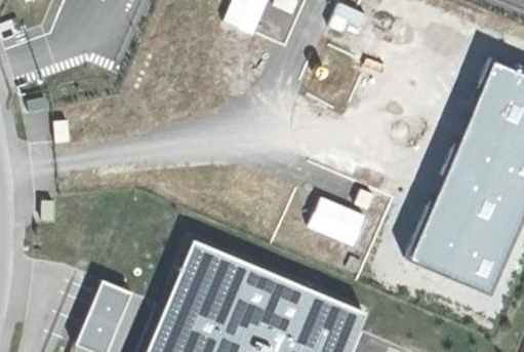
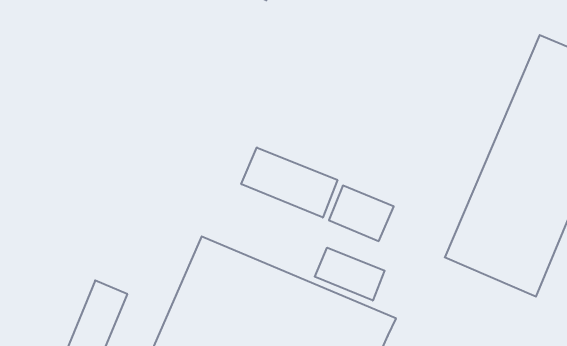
building: none -> [241,147,337,218]
building: none -> [315,248,385,301]

